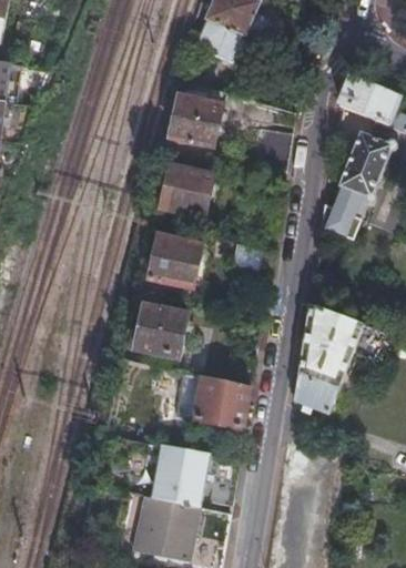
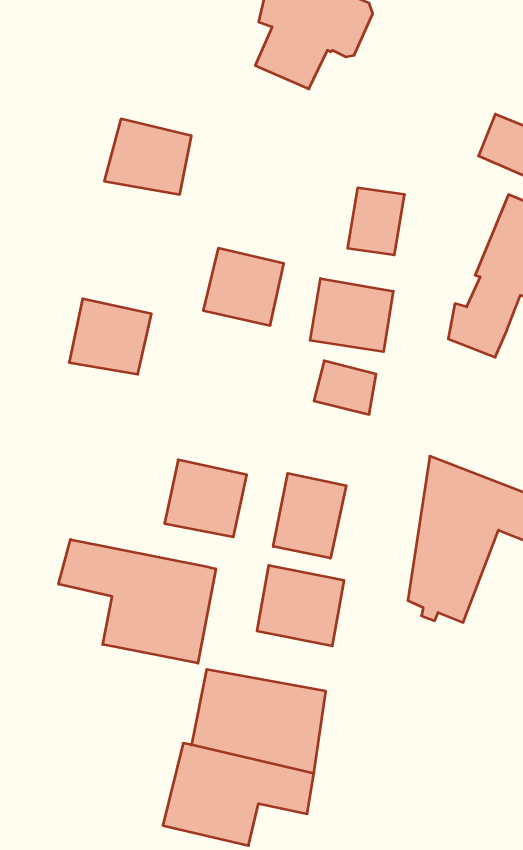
building: [163,94,221,144] -> [104,119,191,194]
building: none -> [310,278,393,352]
building: [148,236,202,286] -> [69,299,151,374]
building: none -> [273,473,346,558]
building: none -> [59,539,216,663]

